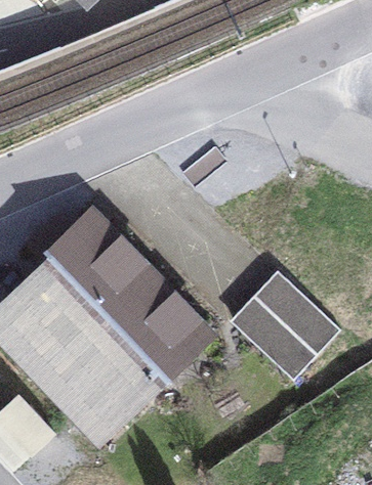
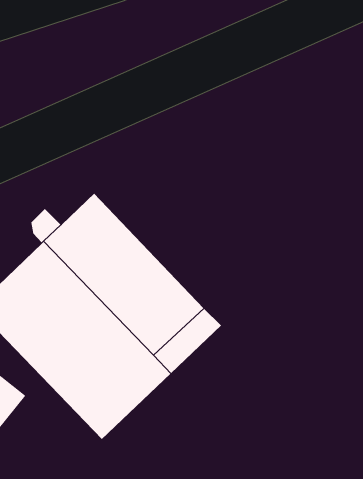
building: [237,277,340,380] -> none

